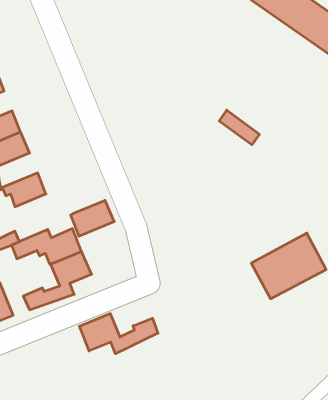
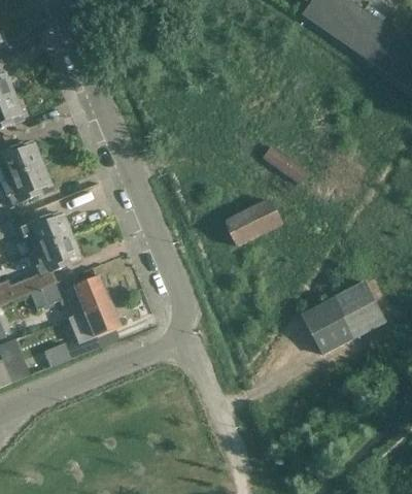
building: none -> [224,199,281,246]
building: [71,200,114,236] -> [30,235,79,275]
building: [79,314,158,354] -> none

